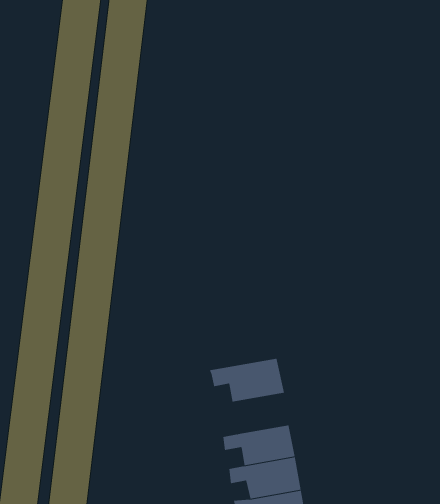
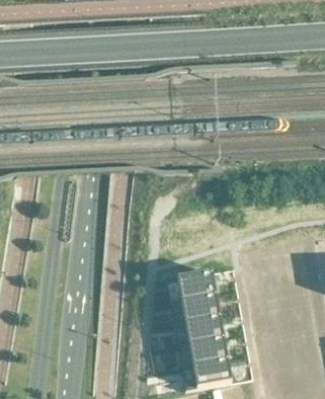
building: none -> [169,296,218,323]

